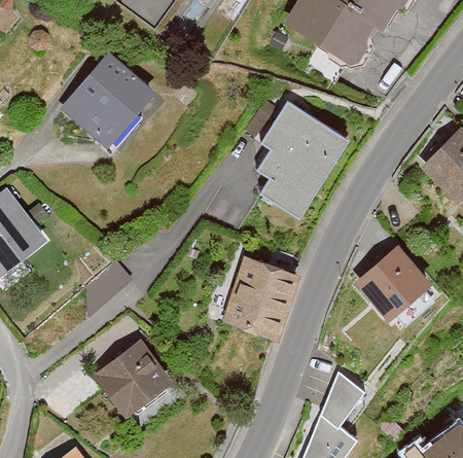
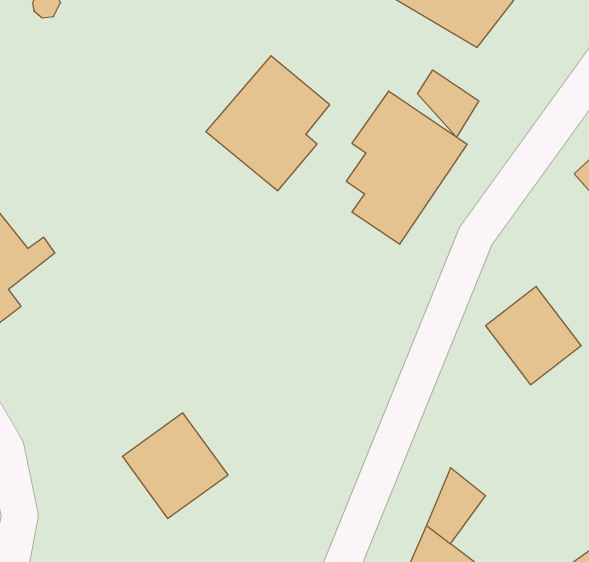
building: [63,55,153,153] -> [206,56,330,191]
building: none -> [417,70,479,137]
building: [222,252,297,337] -> none

